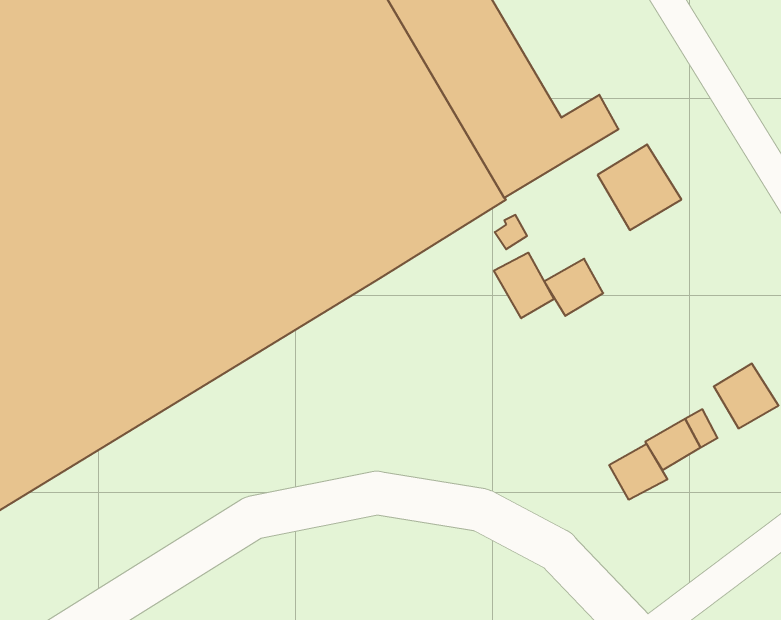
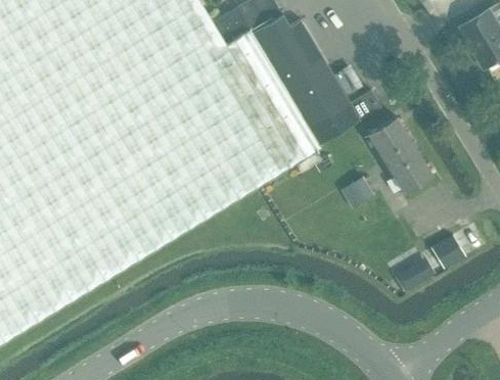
building: none -> [385,146,430,191]
building: [494,253,554,318] -> none
building: [609,444,667,500] -> none

